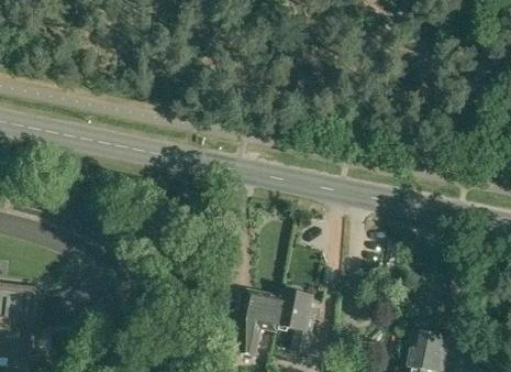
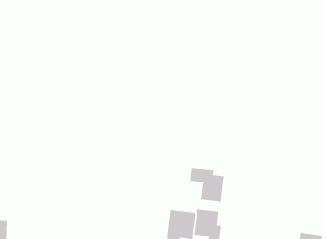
building: none -> [190,168,224,203]

